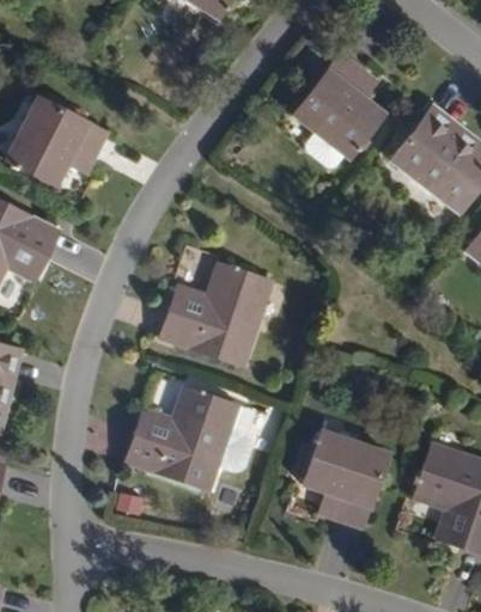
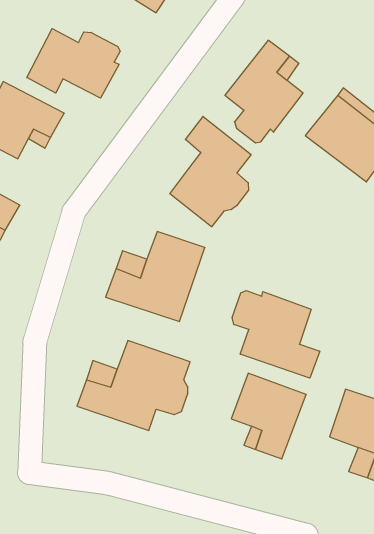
building: none -> [27,29,120,98]
building: none -> [170,116,251,227]
building: none -> [232,291,320,378]

